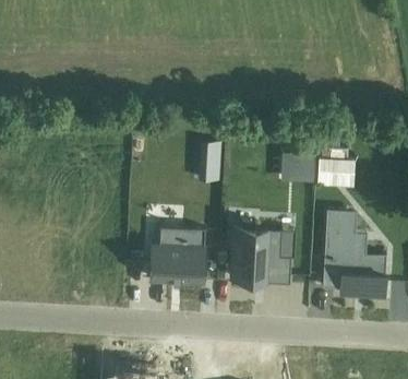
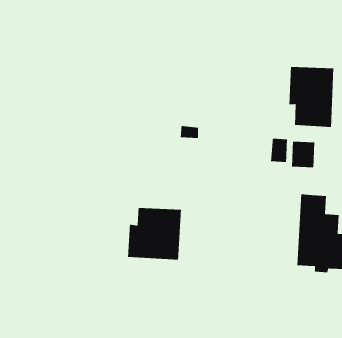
building: none -> [289,66,334,128]
building: [232,229,292,286] -> none

